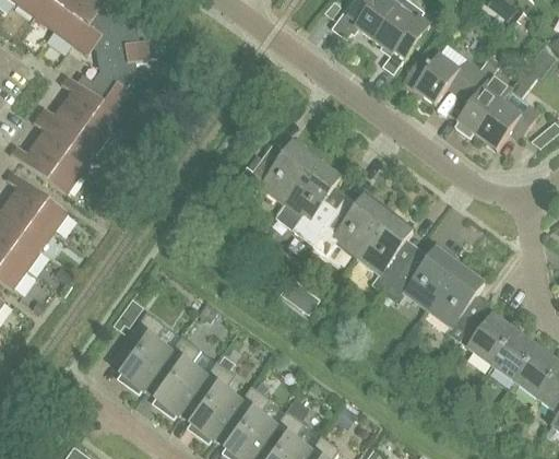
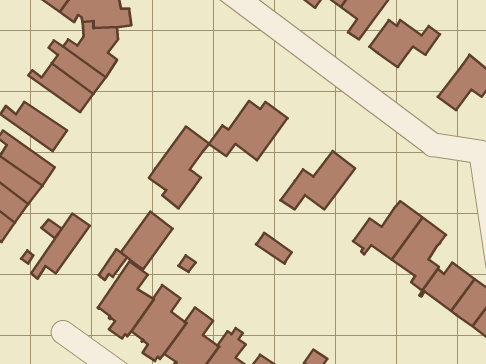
building: [454,56,513,138] -> none
building: [32,113,94,172] -> none
building: [276,158,341,246] -> [149,127,209,208]
building: [355,212,412,293] -> none
building: none -> [121,212,173,269]
building: none -> [31,214,90,279]

